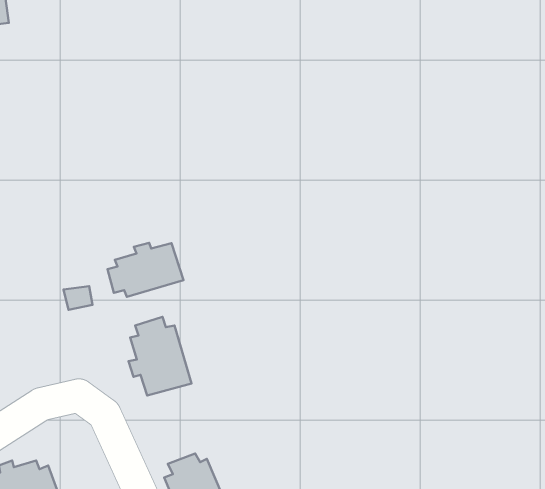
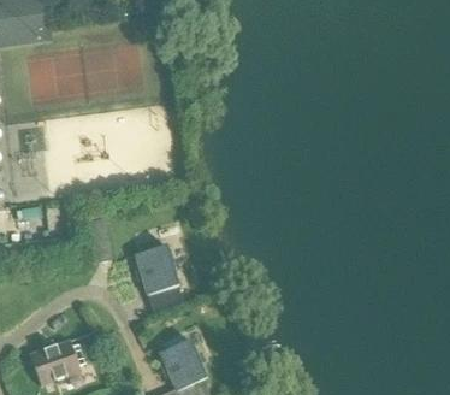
building: [107,243,183,297] -> none

